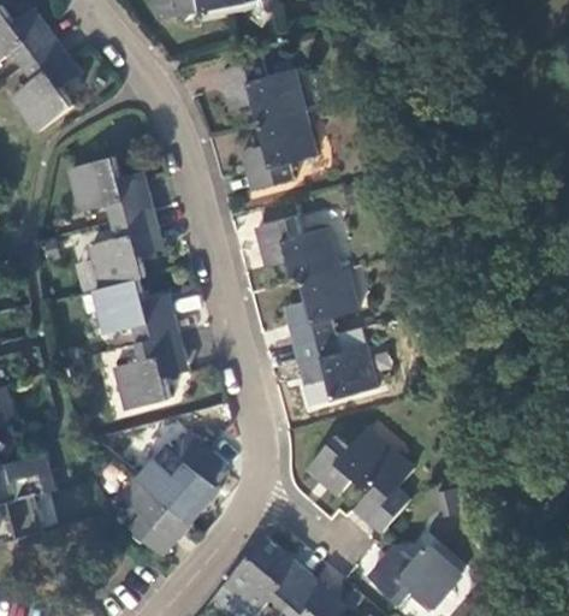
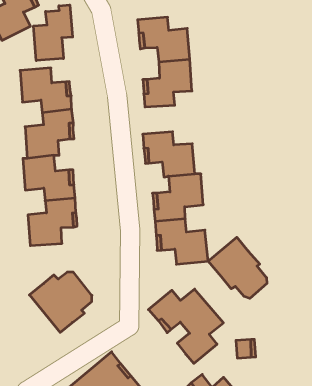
building: none -> [34,5,73,61]
building: none -> [208,237,267,298]
building: [120,478,189,555] -> none

